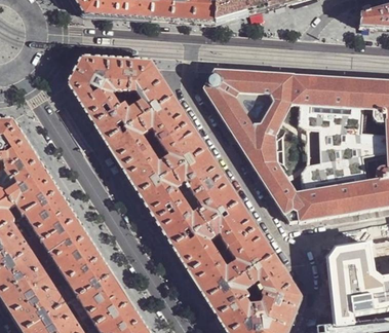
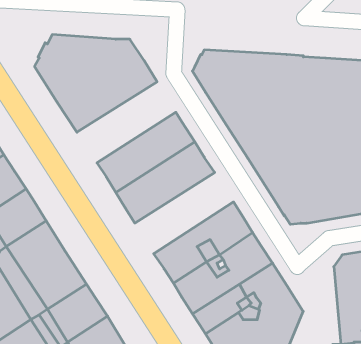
building: [104,96,190,166] -> none
building: [154,175,240,246] -> none

